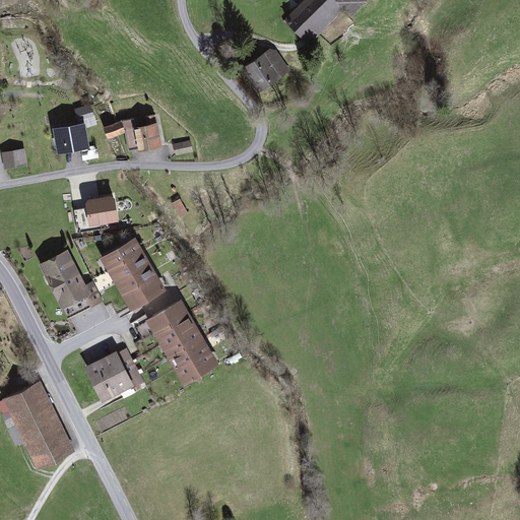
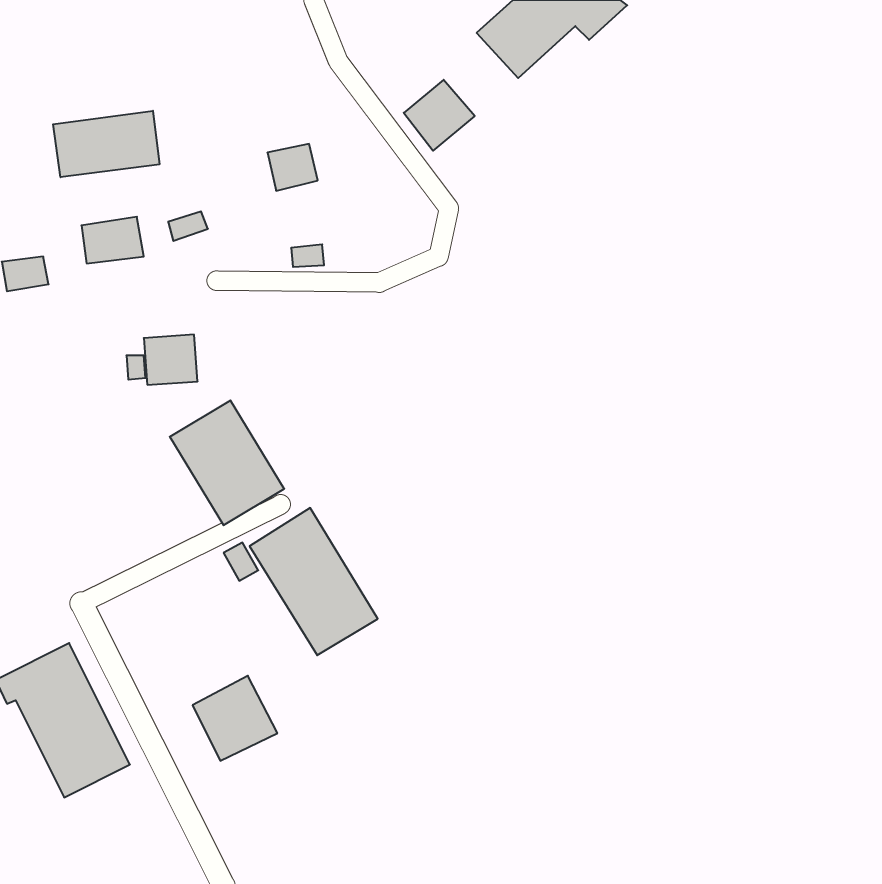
building: none -> [53,111,159,177]
building: [127,127,156,154] -> [267,144,318,191]
building: [40,247,102,315] -> none
building: [84,348,134,398] -> [193,676,277,761]

